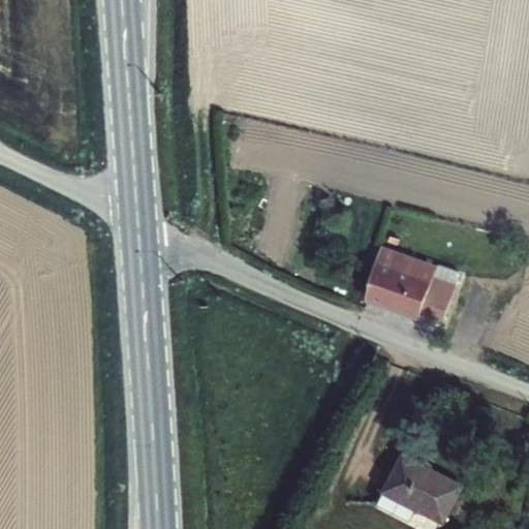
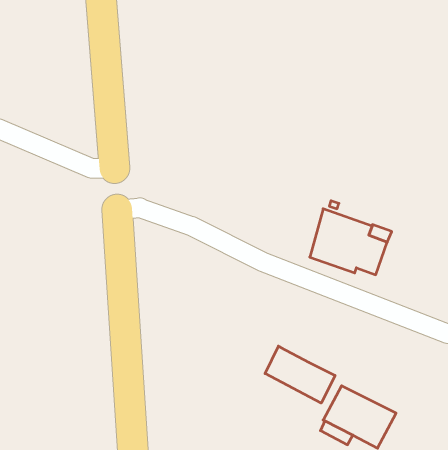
building: none -> [265,346,335,403]

